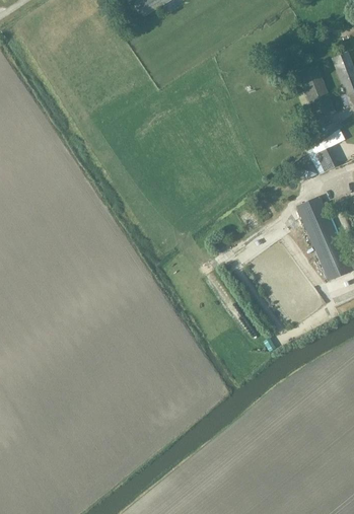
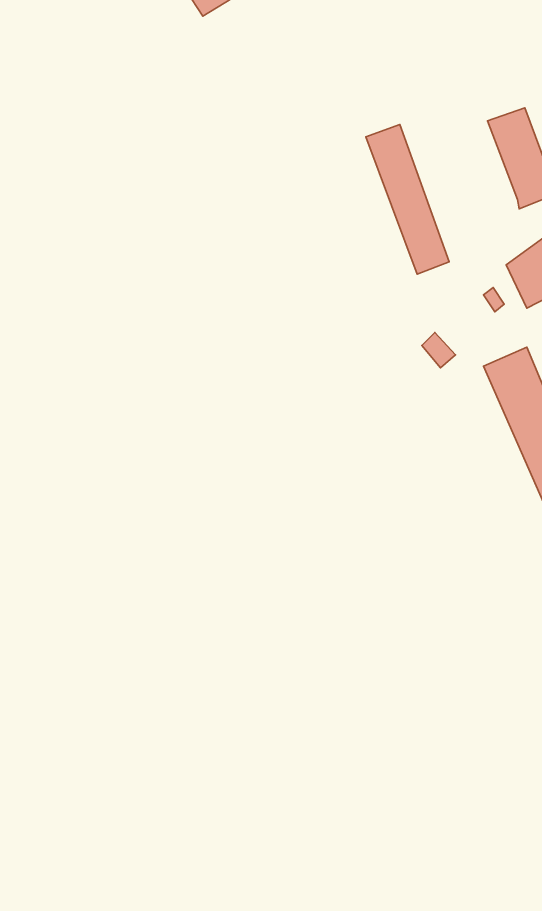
building: none -> [366,125,449,274]

